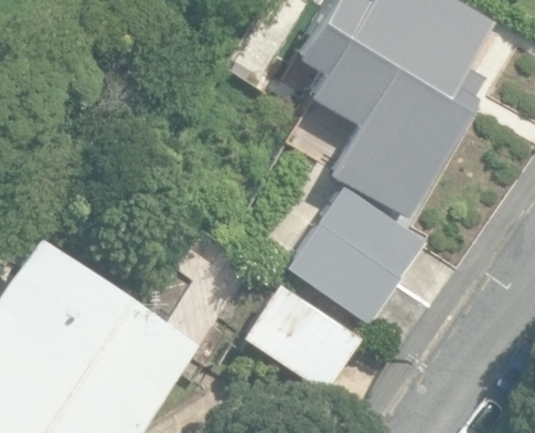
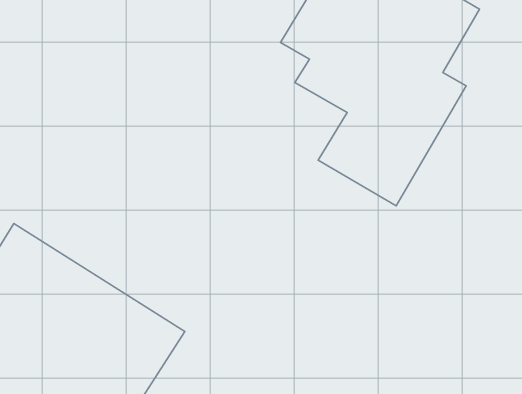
building: [289,182,428,323] -> none
building: [243,283,363,392] -> none

